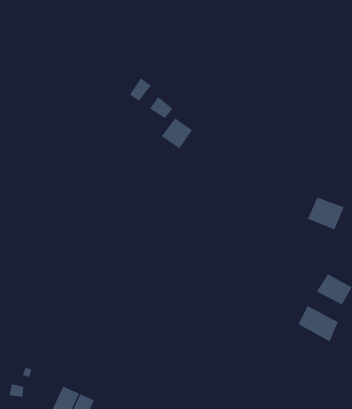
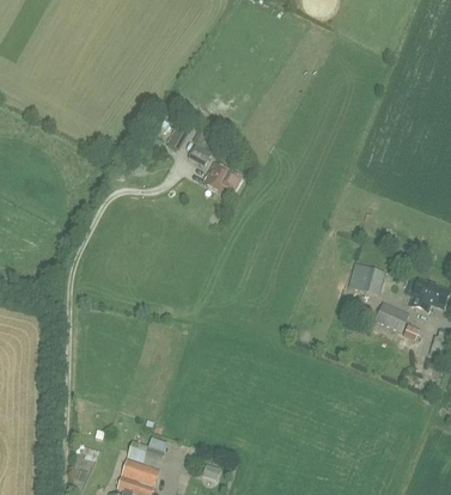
building: [307,197,345,230] -> [348,262,384,293]
building: [298,305,338,342] -> none

